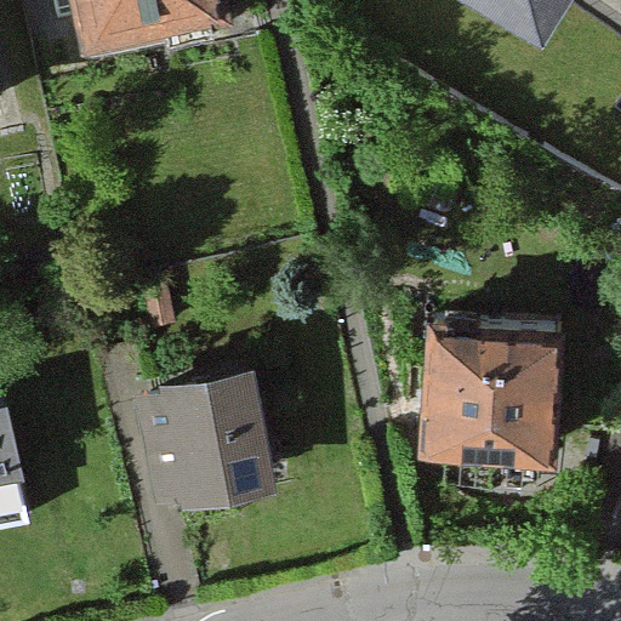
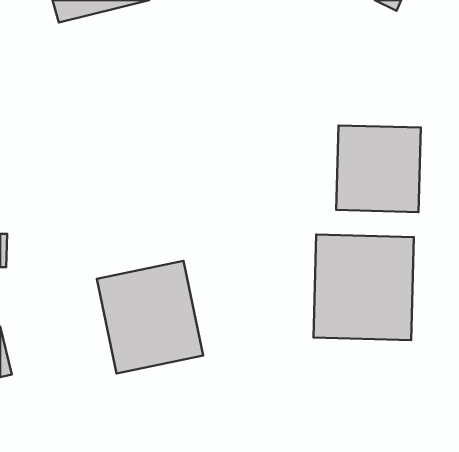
building: none -> [336,125,421,212]

